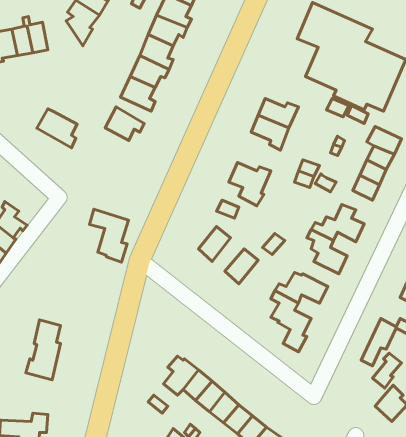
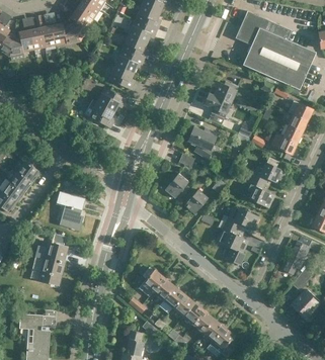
building: none -> [51,22,80,44]
building: [37,109,77,148] -> [84,99,113,127]
building: [90,209,129,262] -> [55,190,83,229]

